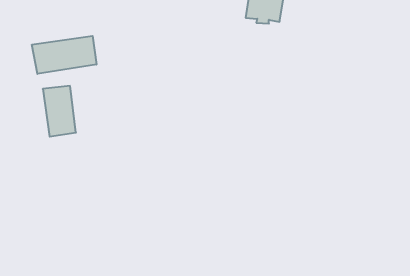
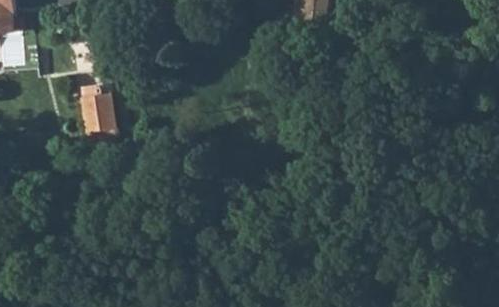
building: [32,36,96,74] -> none

